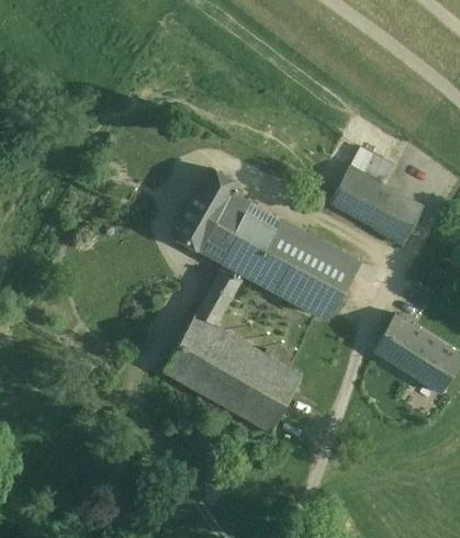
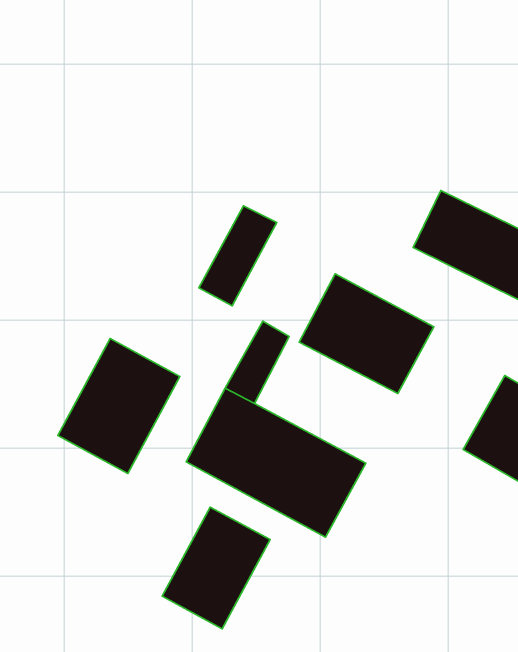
building: [195,193,277,276] -> none
building: none -> [58,338,180,473]
building: none -> [162,507,270,629]

